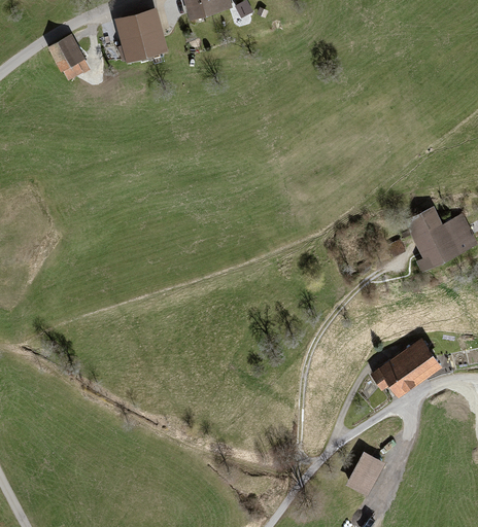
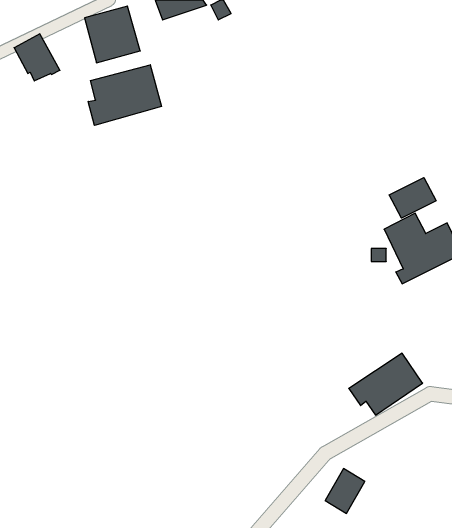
building: none -> [88,65,161,125]
building: none -> [389,178,436,218]

